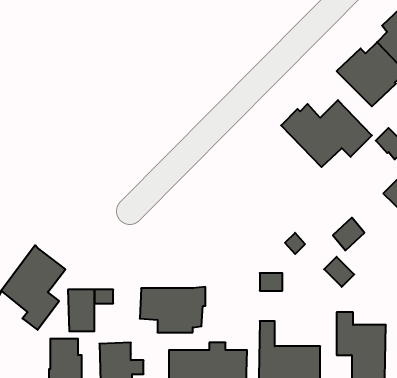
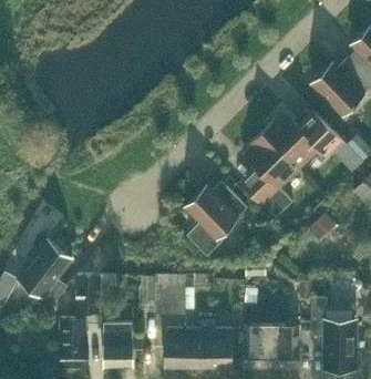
building: none -> [244,132,298,217]
building: none -> [186,182,247,256]

